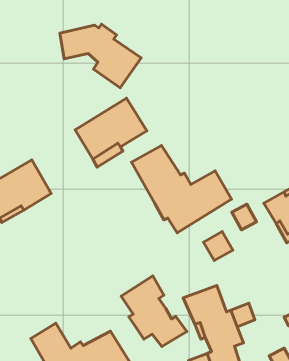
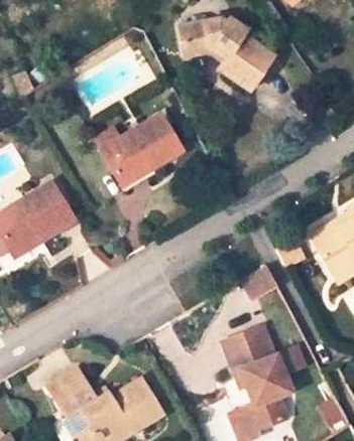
building: [60,24,141,88] -> [180,19,272,92]
building: [132,145,231,233] -> none
building: [121,276,187,347] -> none

